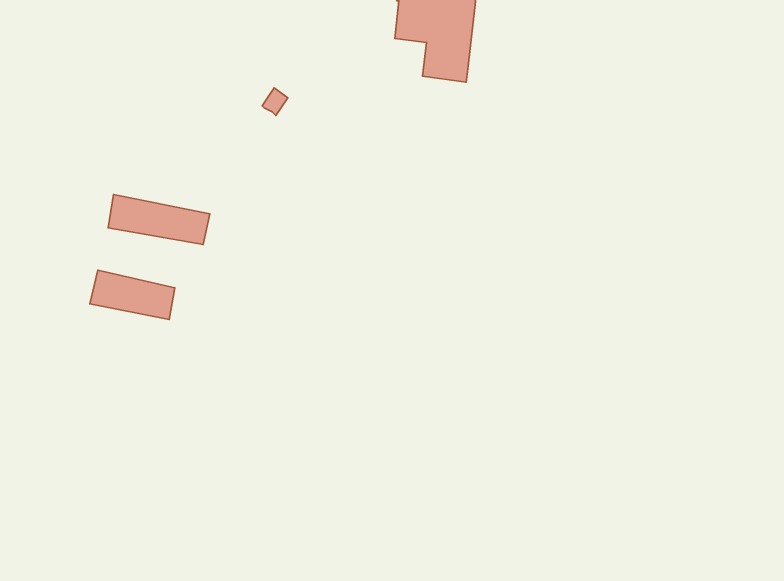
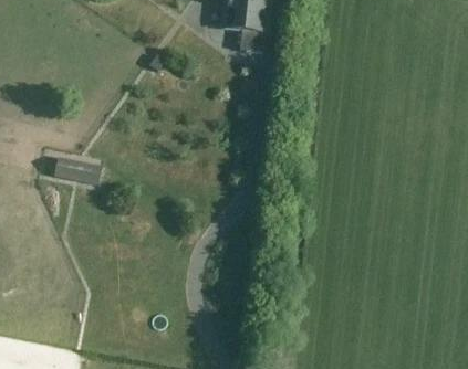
building: [108,194,210,244] -> none

